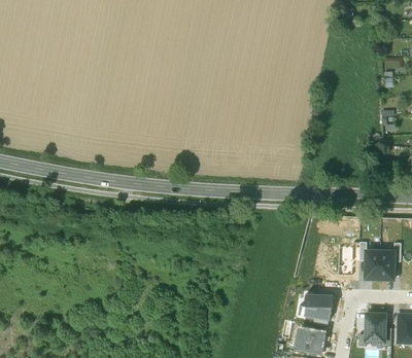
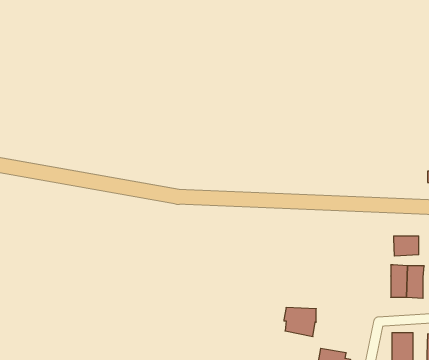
building: none -> [394,236,419,256]
building: [303,294,333,321] -> [284,308,316,337]

